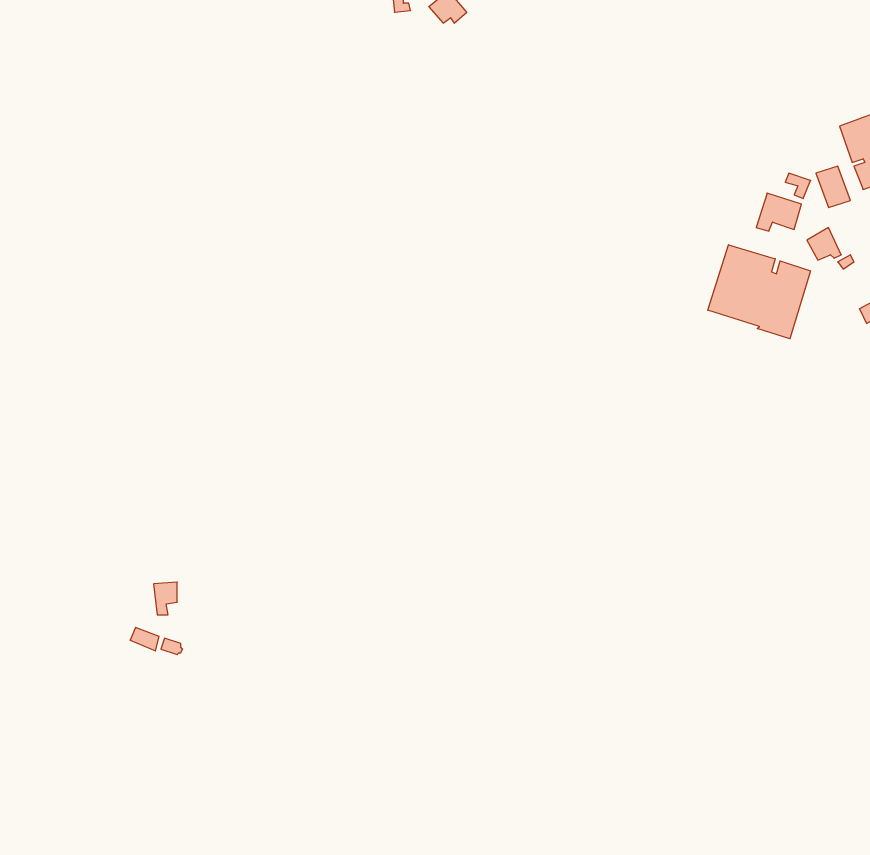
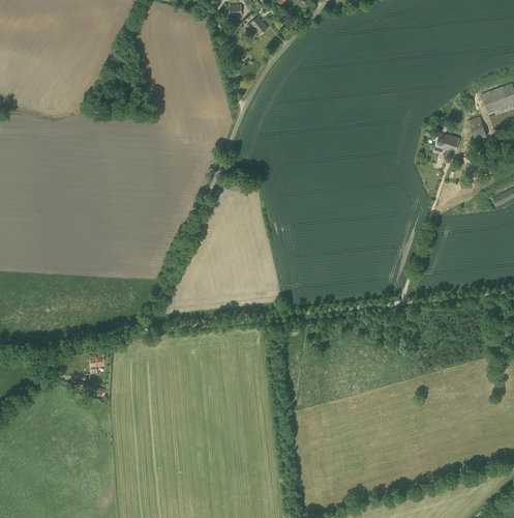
building: [708,245,811,339] -> none

